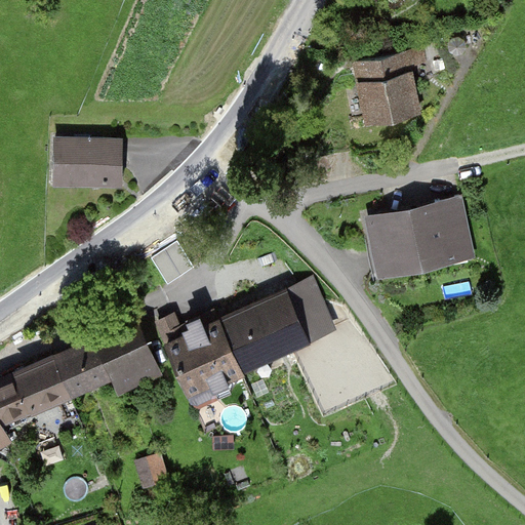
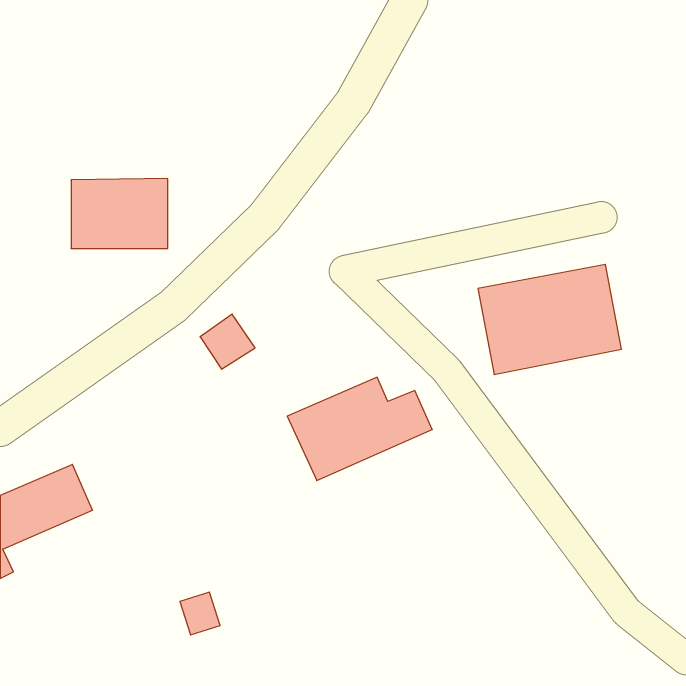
building: [352,56,419,128] -> none
building: [159,314,242,406] -> none
building: [55,319,160,390] -> none

